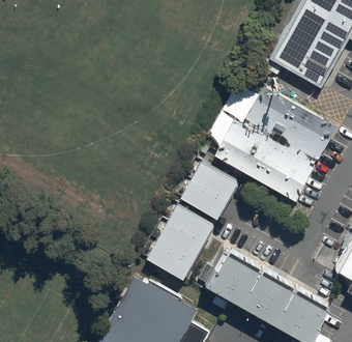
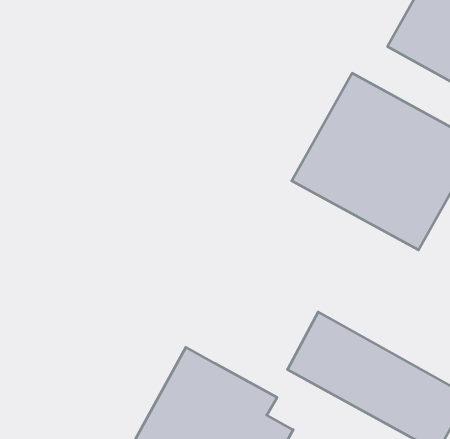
building: [176,161,238,218] -> none
building: [146,203,213,279] -> none

